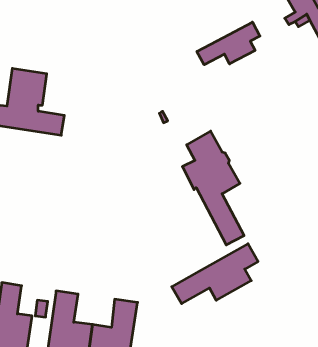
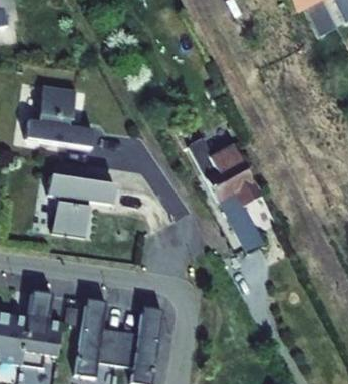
building: [197,22,260,65] -> none
building: none -> [48,174,115,237]
building: [172,244,258,304] -> none

